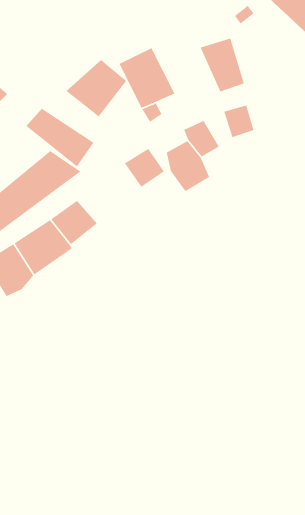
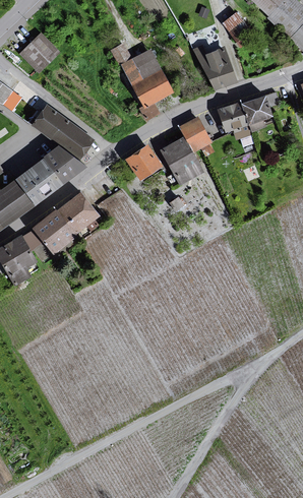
building: none -> [18,33,57,74]
building: [66,59,127,117] -> none
building: none -> [238,95,272,127]

